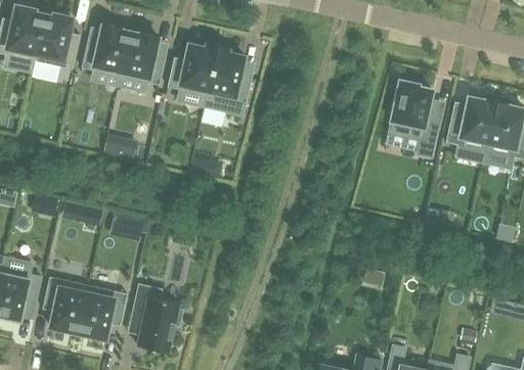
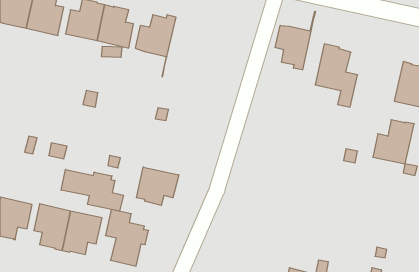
building: none -> [275,11,316,70]
building: [201,47,252,120] -> none
building: [445,96,496,150] -> [373,120,414,164]
building: none -> [136,167,179,206]
building: none -> [61,169,123,211]

